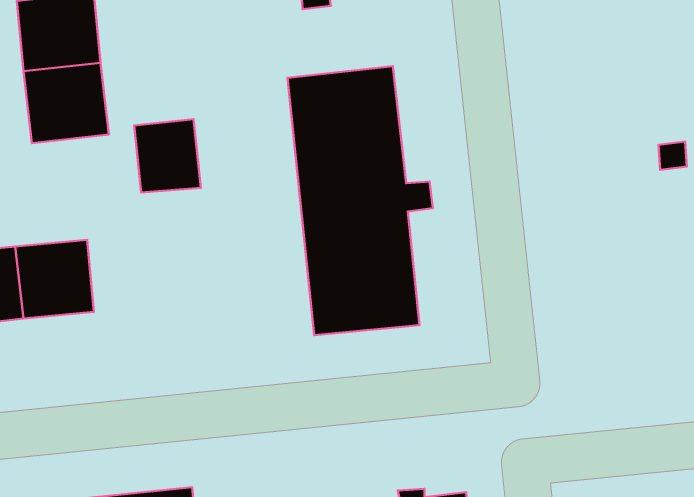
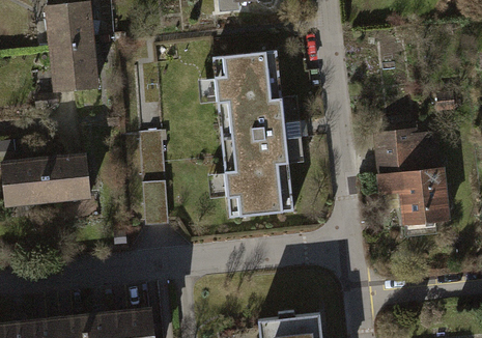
building: [134,119,201,192] -> none
building: none -> [379,130,448,225]

